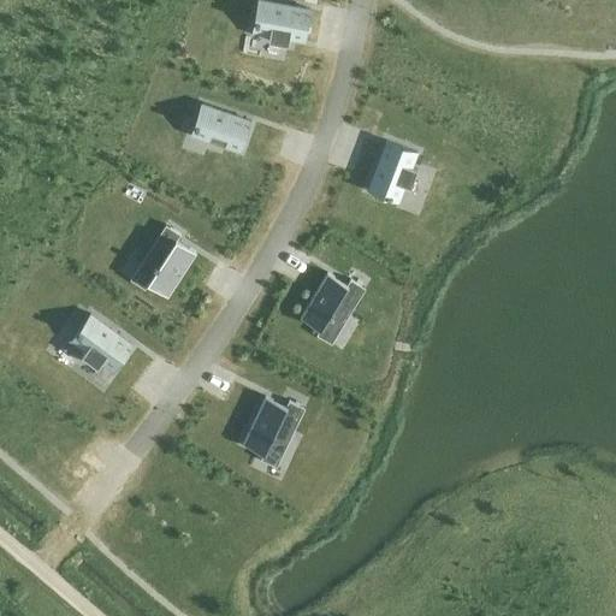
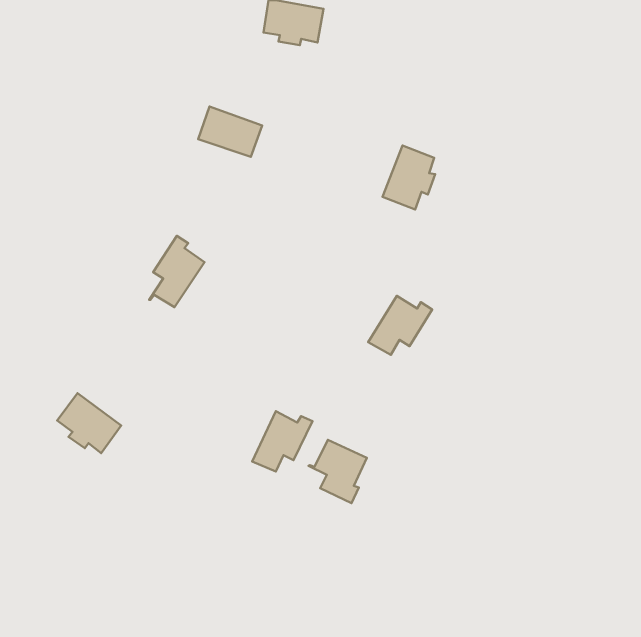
building: [300,276,361,332] -> [368,296,432,355]
building: [71,316,132,374] -> [57,393,121,453]
building: none -> [309,440,367,503]

